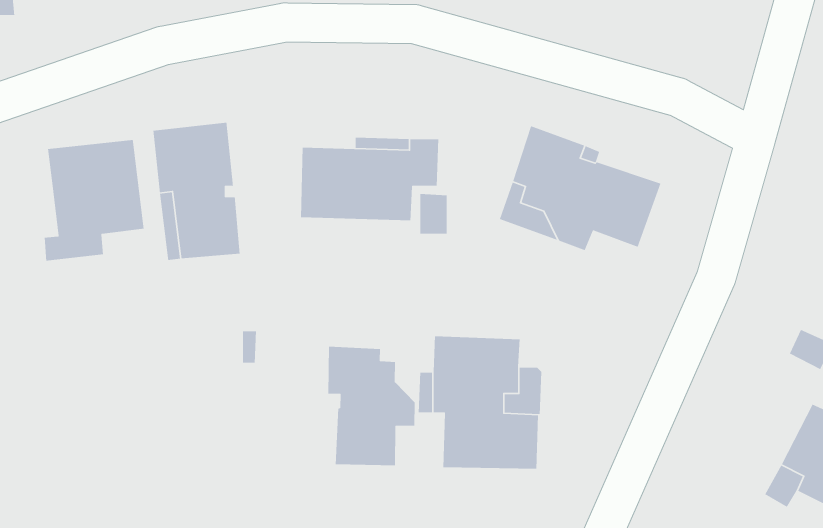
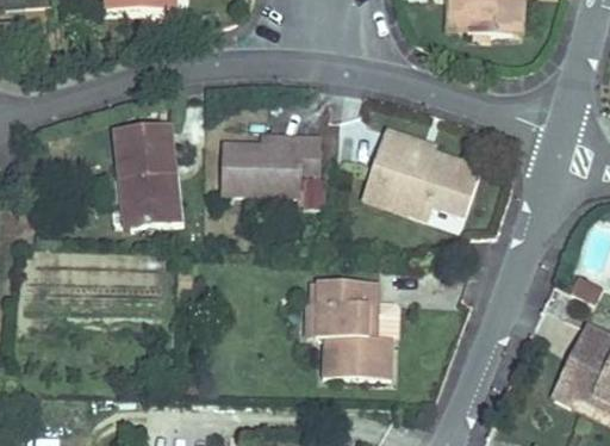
building: [44,139,144,262] -> none
building: [327,346,415,466] -> none

